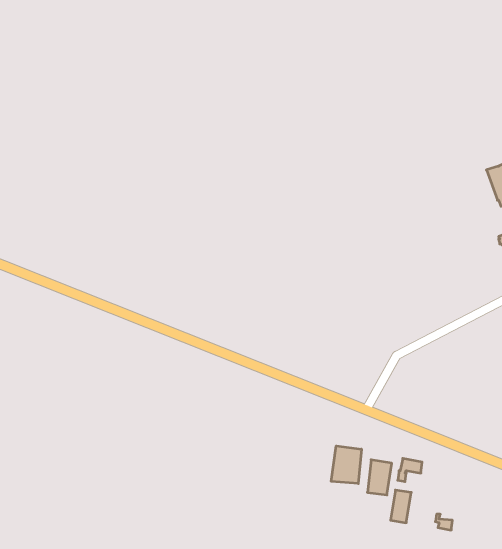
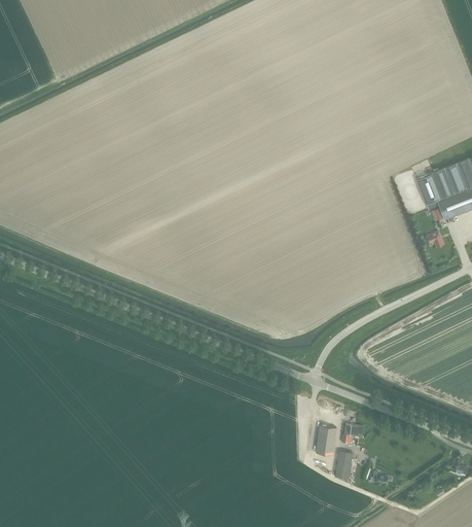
building: [331,446,361,484] -> none

